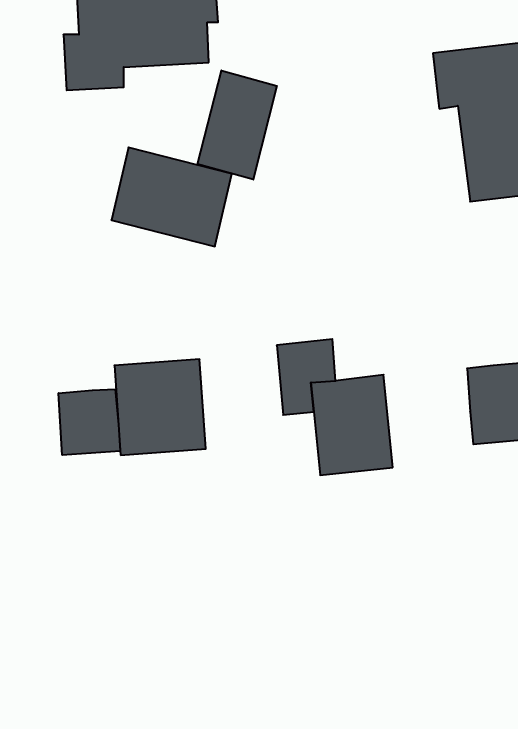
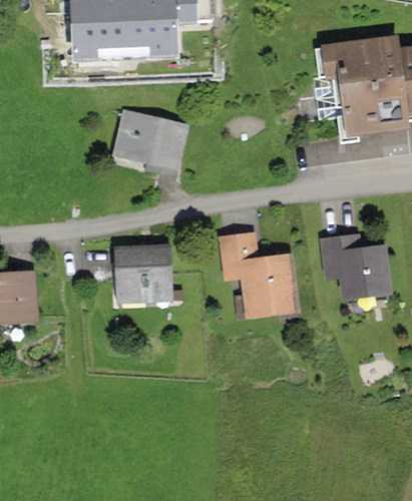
building: [198,70,277,180] -> none
building: none -> [321,232,360,279]
building: [59,389,120,455] -> none

